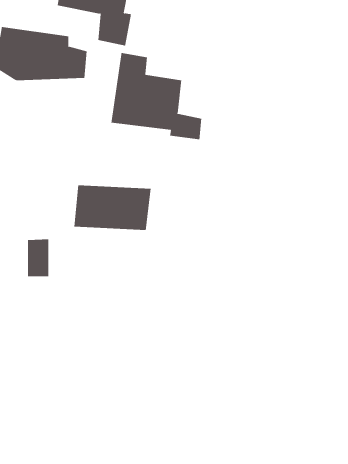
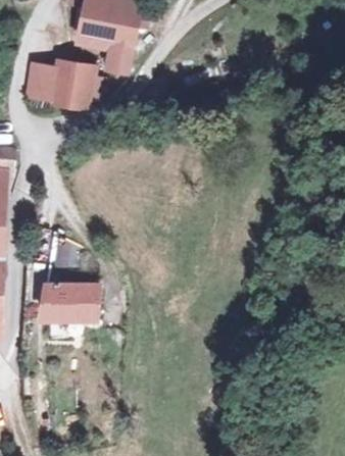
building: [111,52,202,140] -> none
building: [74,185,151,230] -> [36,295,100,333]

